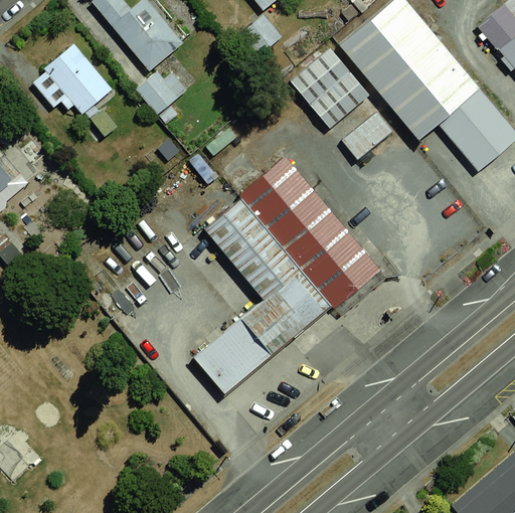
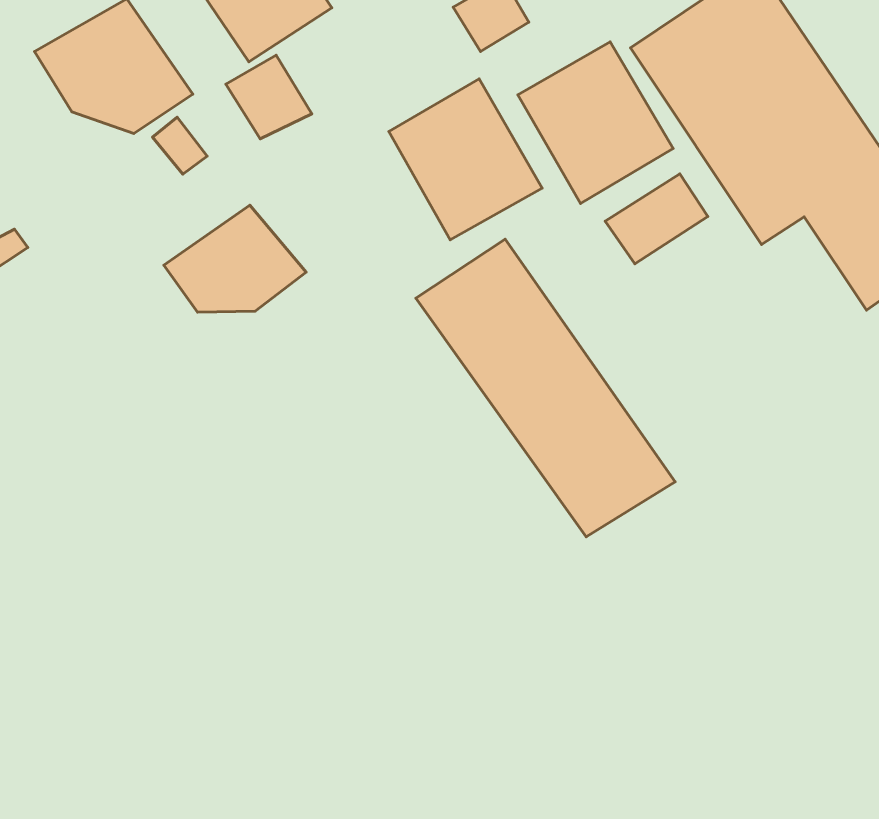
building: none -> [389,79,542,240]
building: none -> [164,205,306,312]
building: [187,190,343,397] -> none

